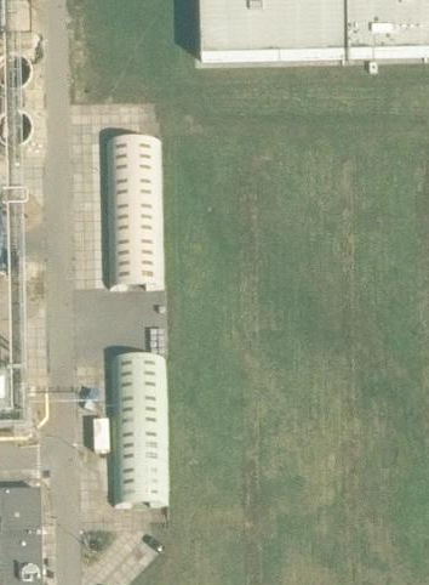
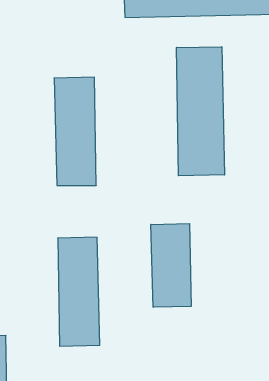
building: none -> [177,47,225,176]
building: none -> [151,224,191,307]

